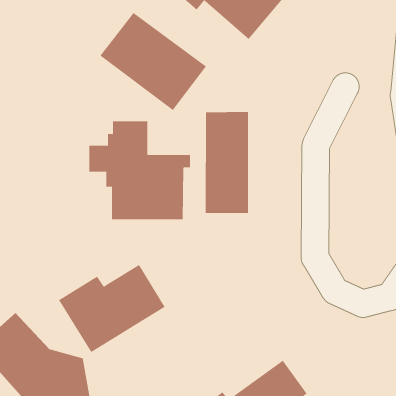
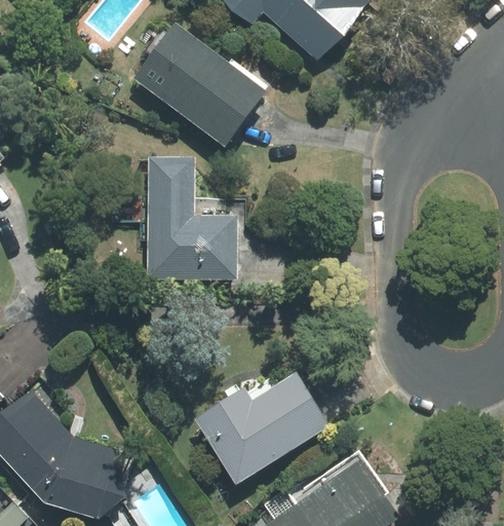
building: [205,111,249,214] -> none
building: [58,264,165,353] -> [195,375,326,484]

